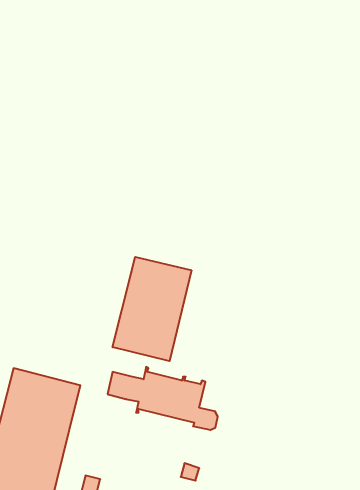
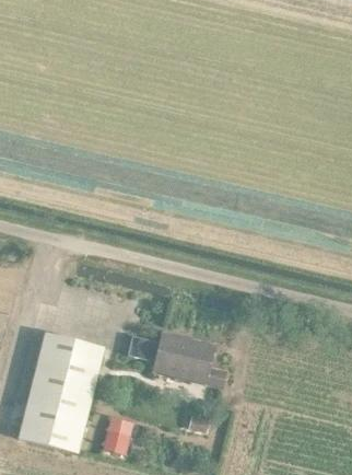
building: [113,257,191,361] -> none

